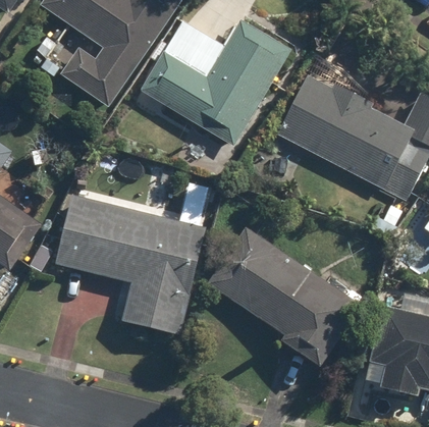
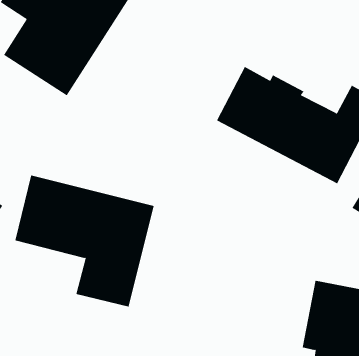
building: [140,19,289,145] -> none
building: [207,225,361,367] -> none

